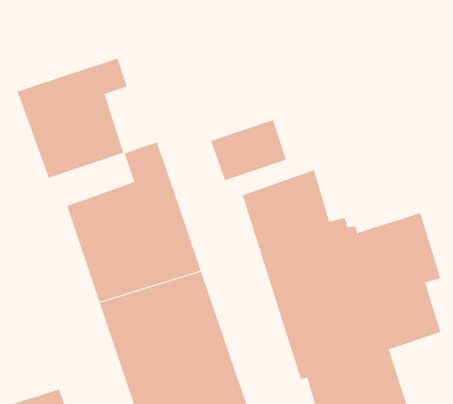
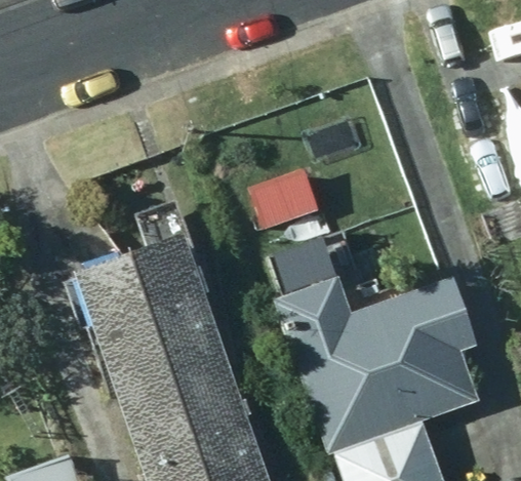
building: [17,58,127,179] -> none

